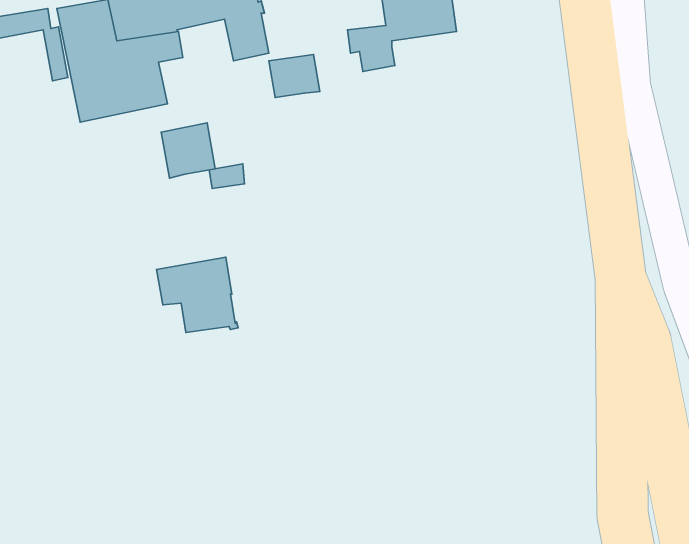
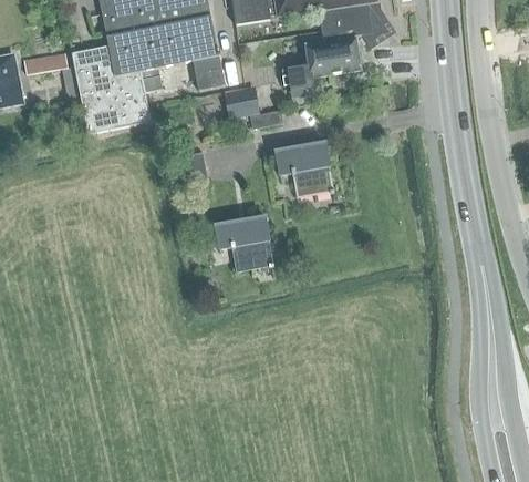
building: [161,123,215,178] -> none
building: none -> [276,141,334,195]
building: [157,257,238,332] -> [216,215,274,269]

